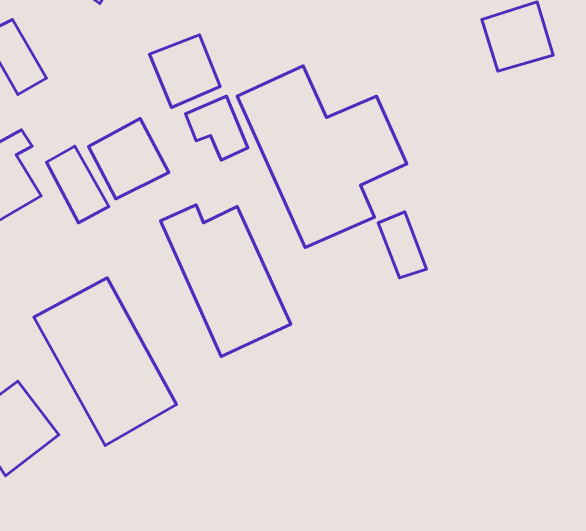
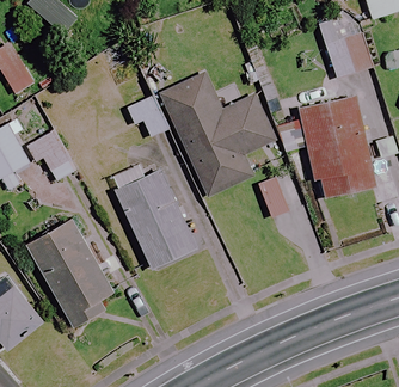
building: [149,35,220,107] -> none
building: none -> [263,87,374,199]
building: [89,118,169,199] -> none

